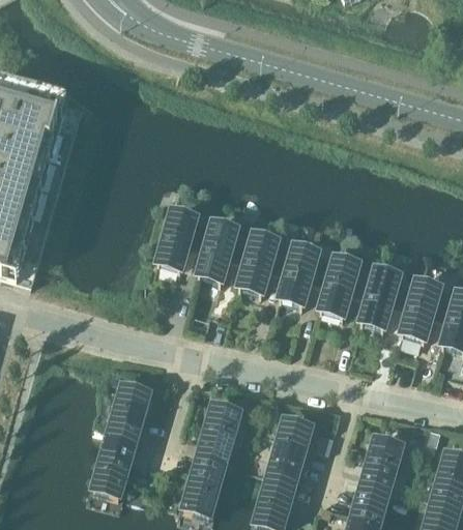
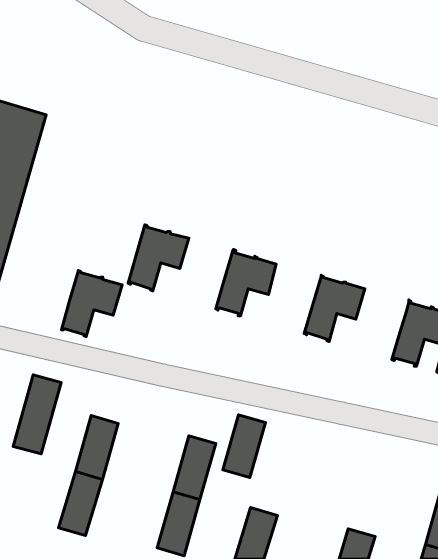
building: [197,219,253,281] -> [61,270,122,337]
building: [279,243,335,304] -> none
building: [359,266,415,327] -> none
building: none -> [13,375,61,454]
building: [269,418,309,476] -> [223,415,265,478]
building: [359,437,400,496] -> none

